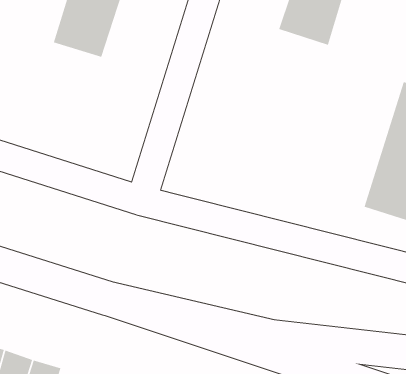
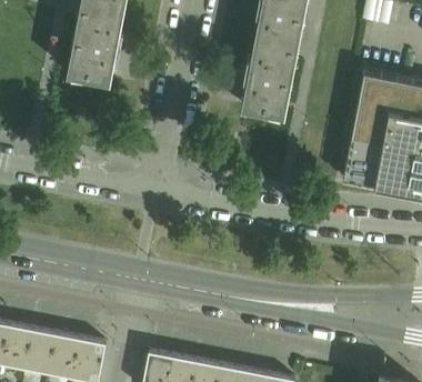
building: none -> [241,42,297,115]

